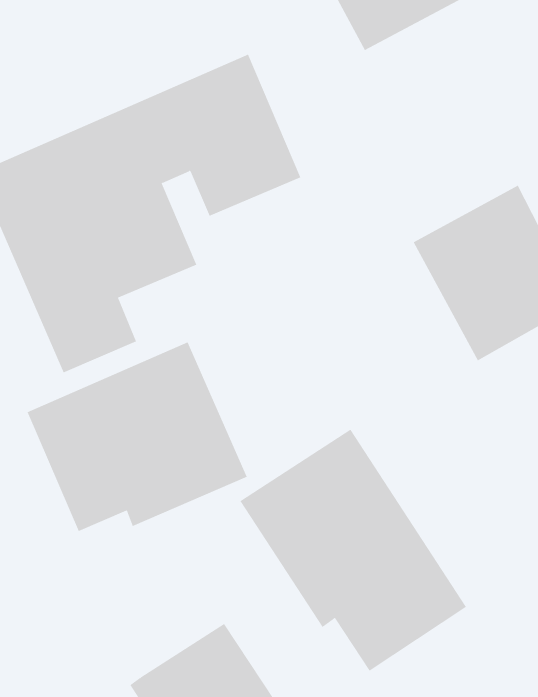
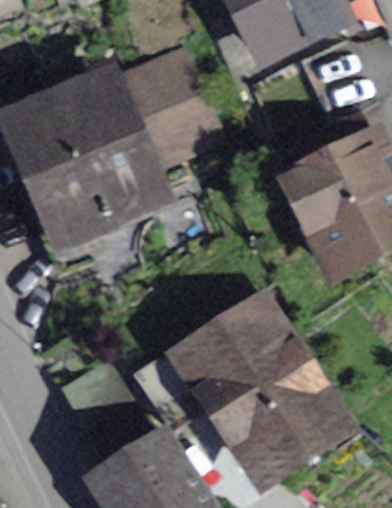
building: [27,341,247,532] -> none

